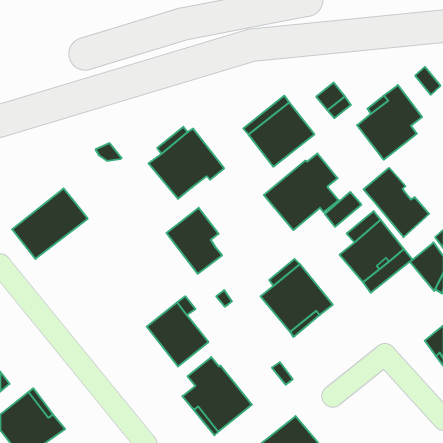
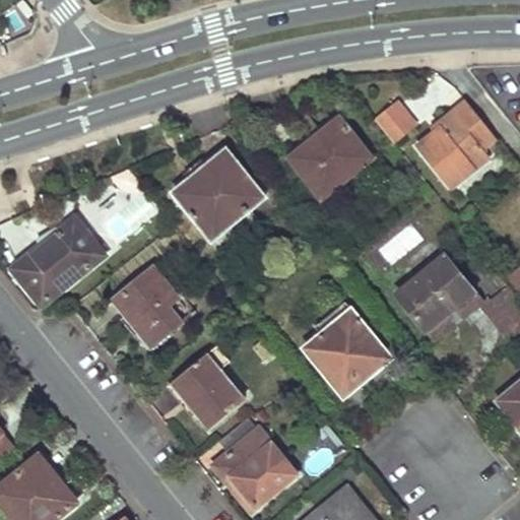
building: [264,153,339,230] -> none
building: [364,168,429,237] -> none
building: [166,208,222,274] -> [115,268,180,345]

